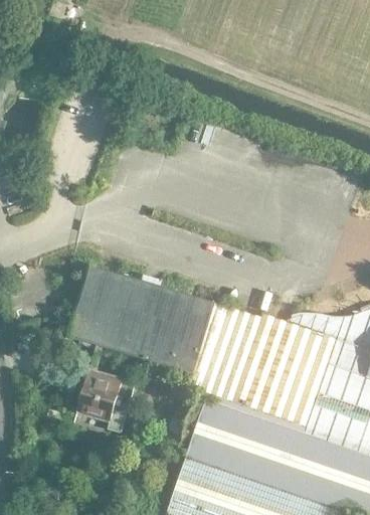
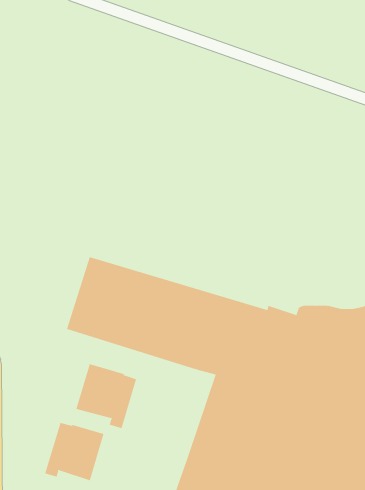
building: none -> [45,422,104,481]

